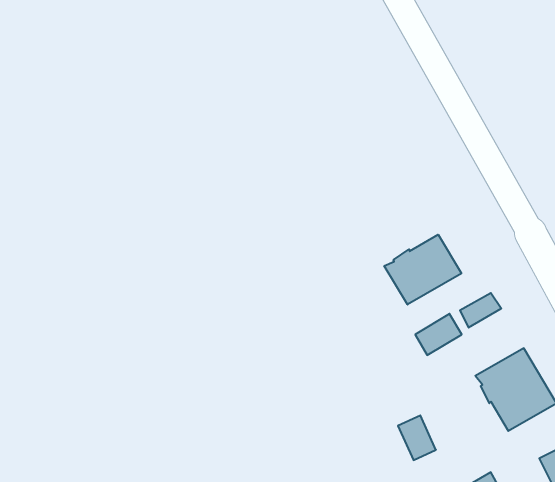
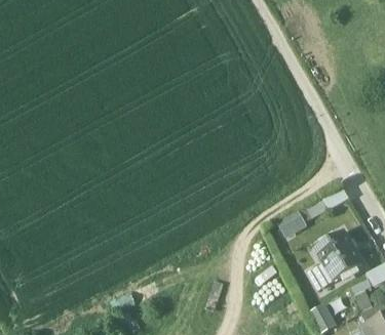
building: [384,235,461,305] -> none

